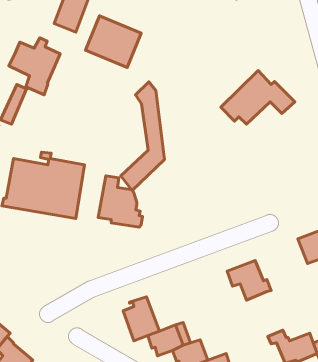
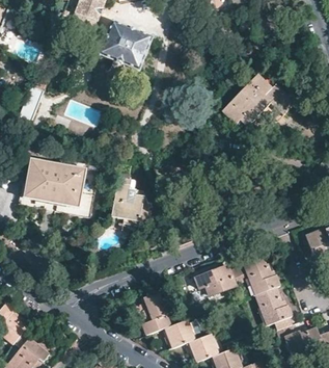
building: [9,38,60,95] -> none
building: [121,82,165,190] -> none
building: none -> [193,264,240,294]
building: none -> [253,286,289,330]

